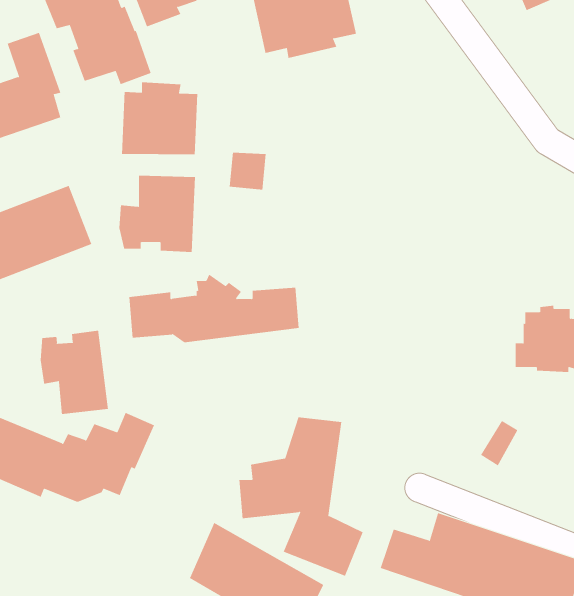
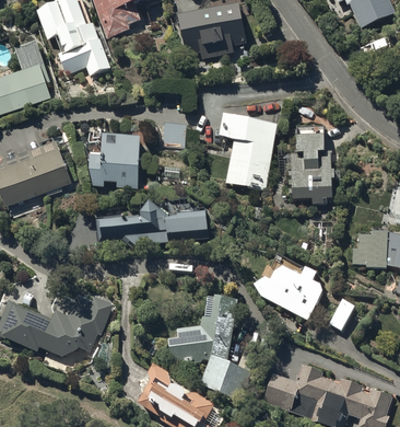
building: [121,82,198,155] -> none
building: none -> [217,115,278,189]
building: none -> [287,125,339,203]
building: [40,330,109,415] -> none
building: none -> [251,265,321,319]

